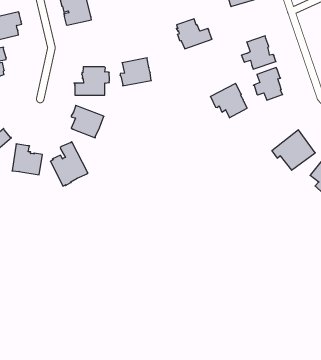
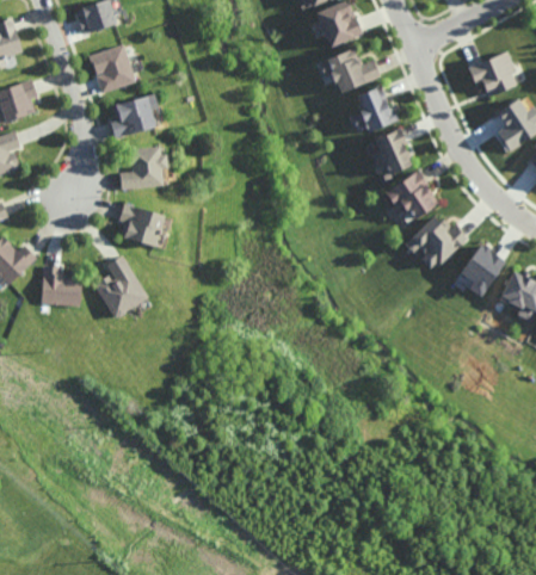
building: [176,19,212,49] -> [327,49,378,92]
building: [120,58,151,86] -> [110,97,154,138]
building: [210,83,247,118] -> [384,171,437,220]

